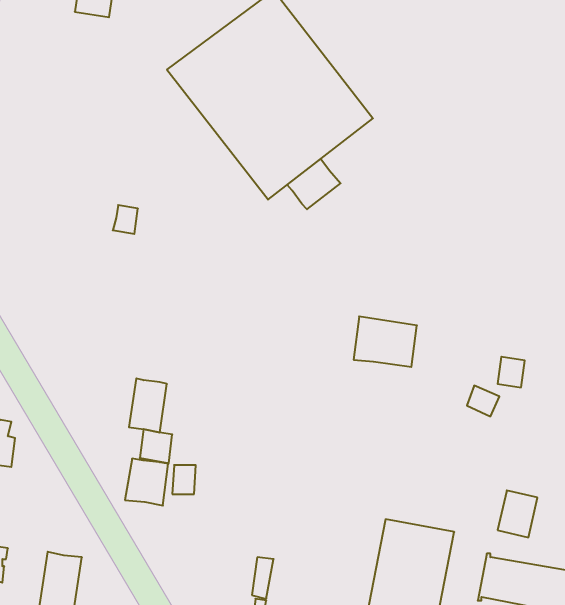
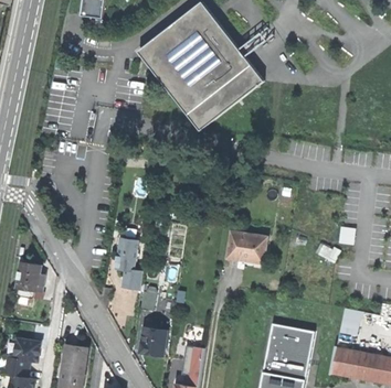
building: [287,159,341,209] -> none
building: [354,316,417,367] -> [226,230,265,261]
building: [125,459,168,506] -> [139,327,166,356]

